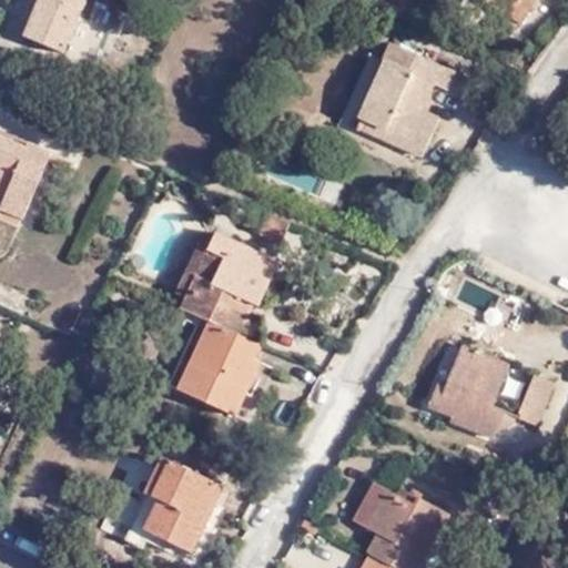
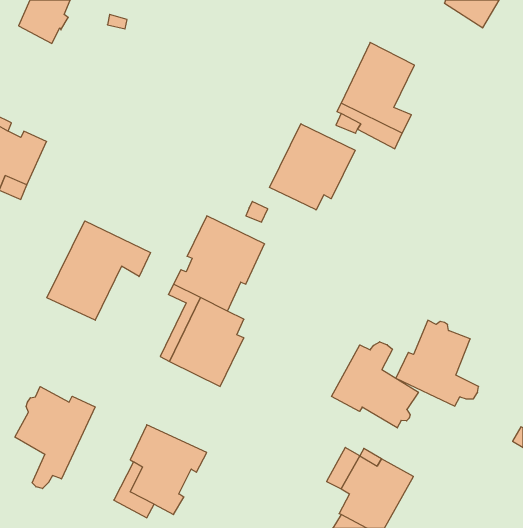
building: none -> [269,124,355,210]
building: none -> [47,221,150,320]
building: none -> [332,342,418,428]
building: [514,376,551,424] -> none
building: none -> [15,387,95,489]

